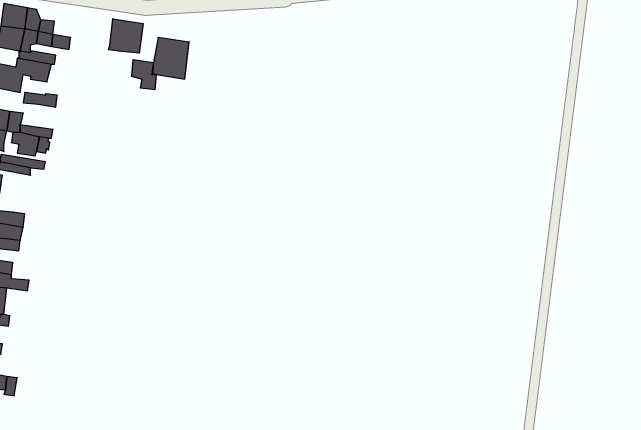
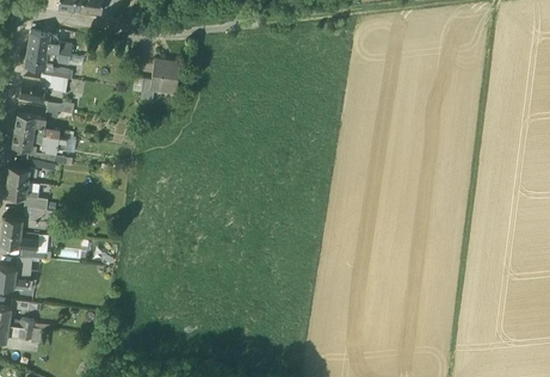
building: [109,19,143,53] -> none

